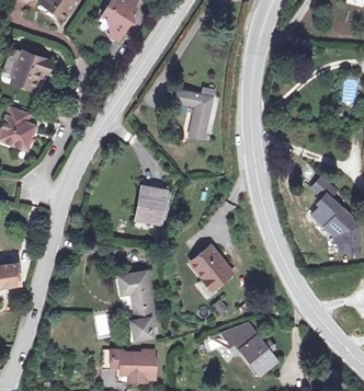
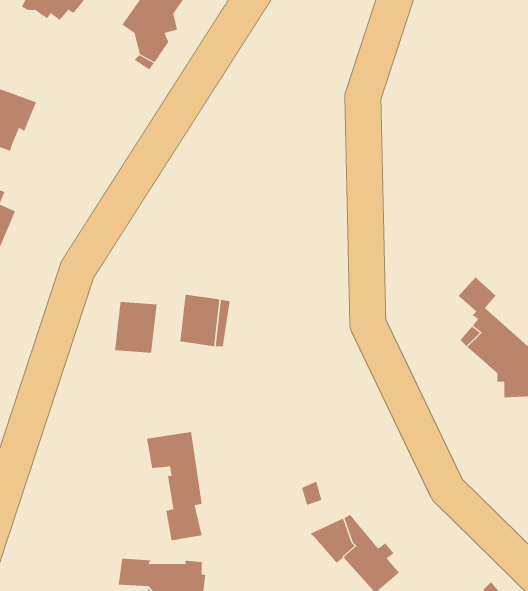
building: [177,93,215,142] -> none
building: none -> [115,301,157,353]
building: [191,243,231,285] -> none

